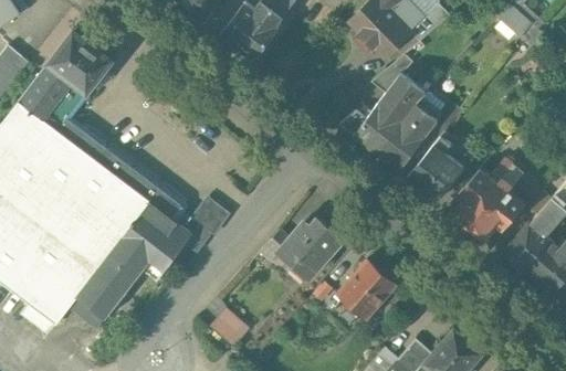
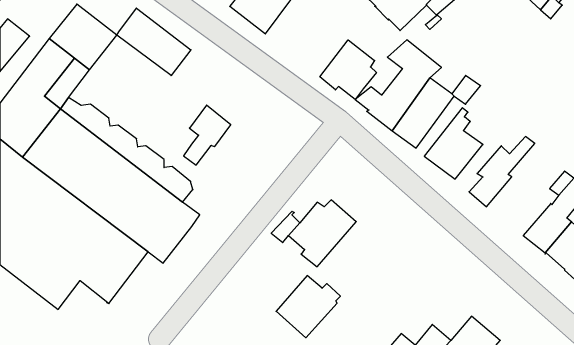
building: none -> [117,8,191,76]
building: none -> [320,40,376,100]
building: [468,165,525,240] -> none
building: [185,195,230,253] -> [184,105,231,165]
building: [336,259,398,319] -> [276,276,340,338]
building: [210,308,251,348] -> none

